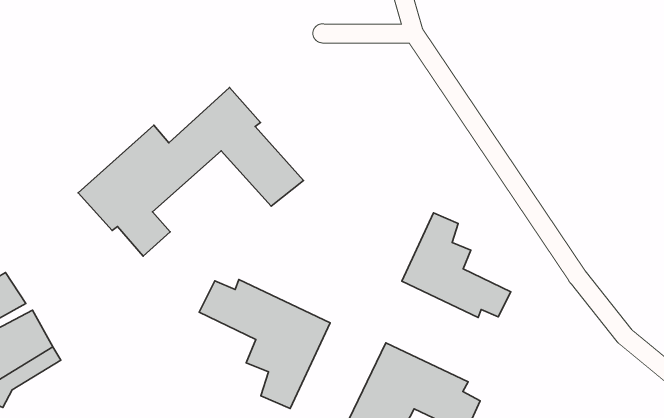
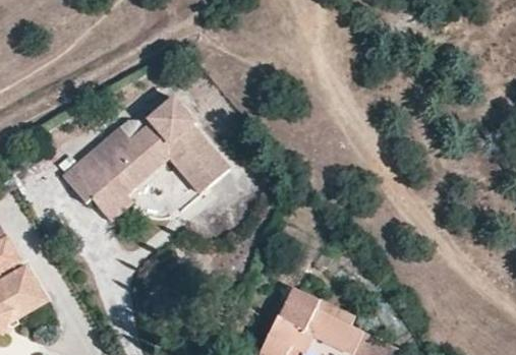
building: [402,213,511,318] -> none
building: [199,279,330,408] -> none

